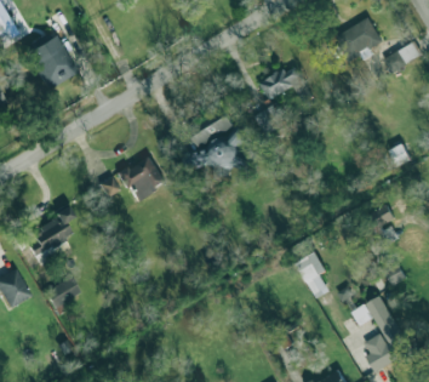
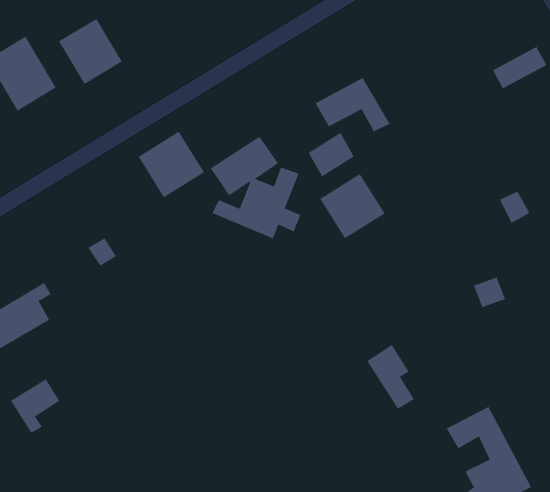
building: [336,19,382,59] -> none
building: none -> [58,18,123,85]
building: none -> [320,173,385,239]
building: [119,155,166,203] -> [138,131,205,198]

